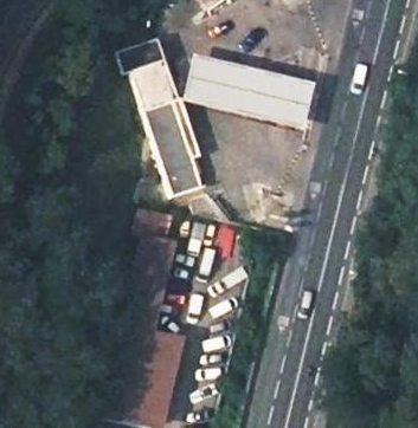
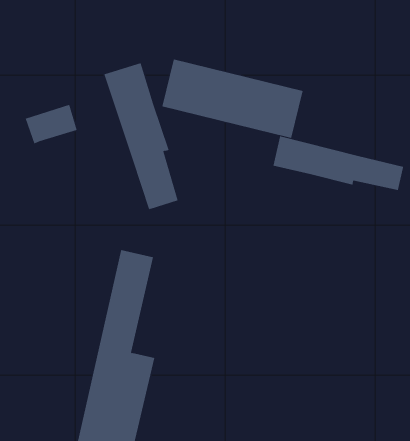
building: [118,37,167,73] -> [25,104,78,144]
building: none -> [273,136,405,191]

